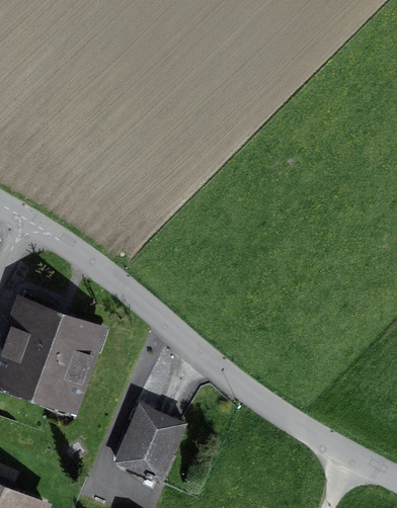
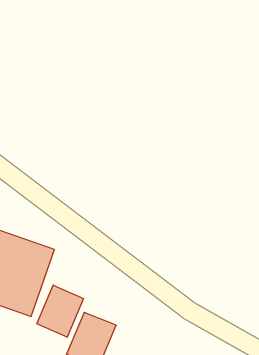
building: none -> [37,285,83,337]

